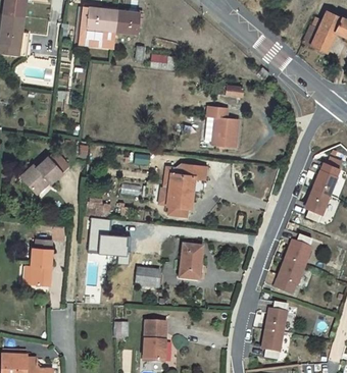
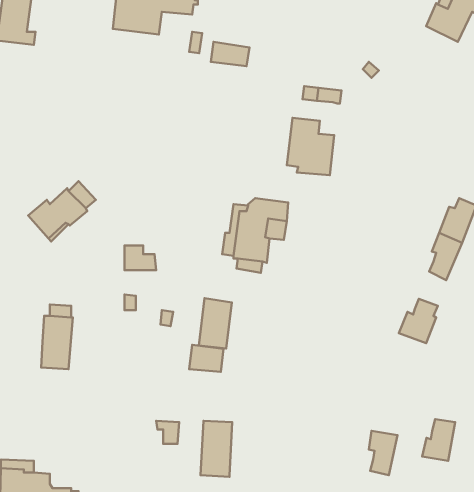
building: [179,244,202,279] -> [199,298,232,348]
building: [277,259,303,292] -> none
building: [264,302,288,331] -> [422,419,455,461]

